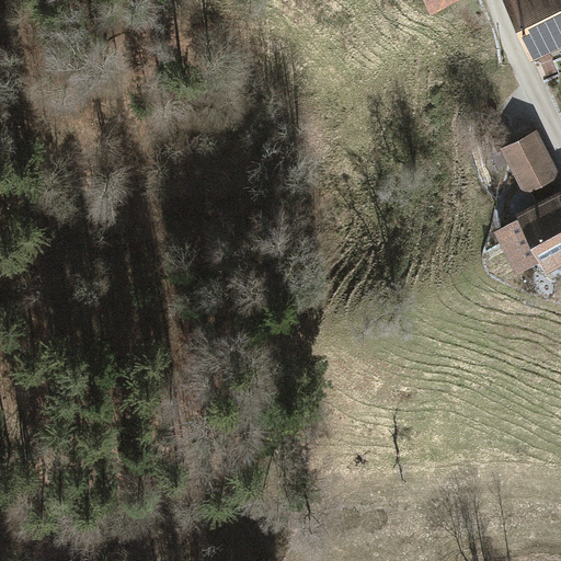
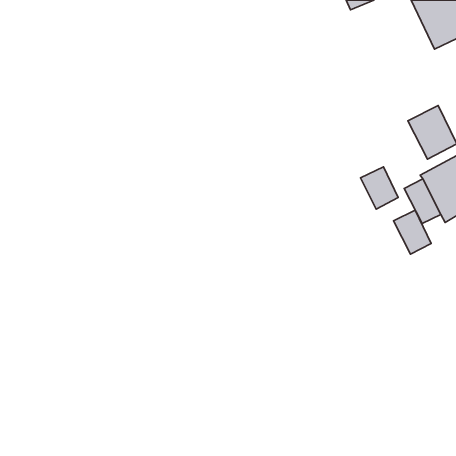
building: none -> [360,167,398,209]
building: none -> [394,210,431,254]

